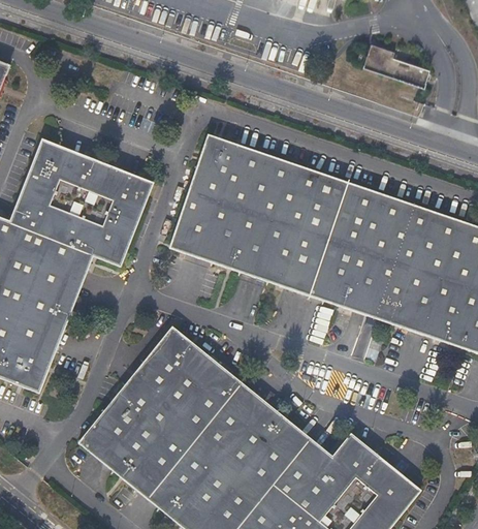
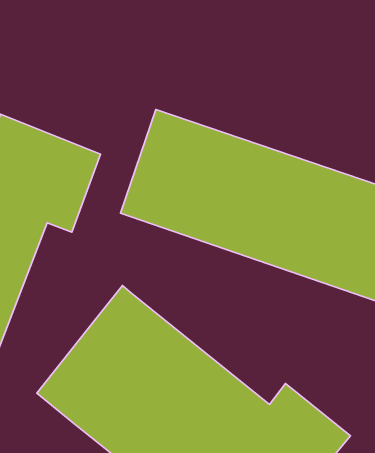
building: [361,42,428,87] -> none

